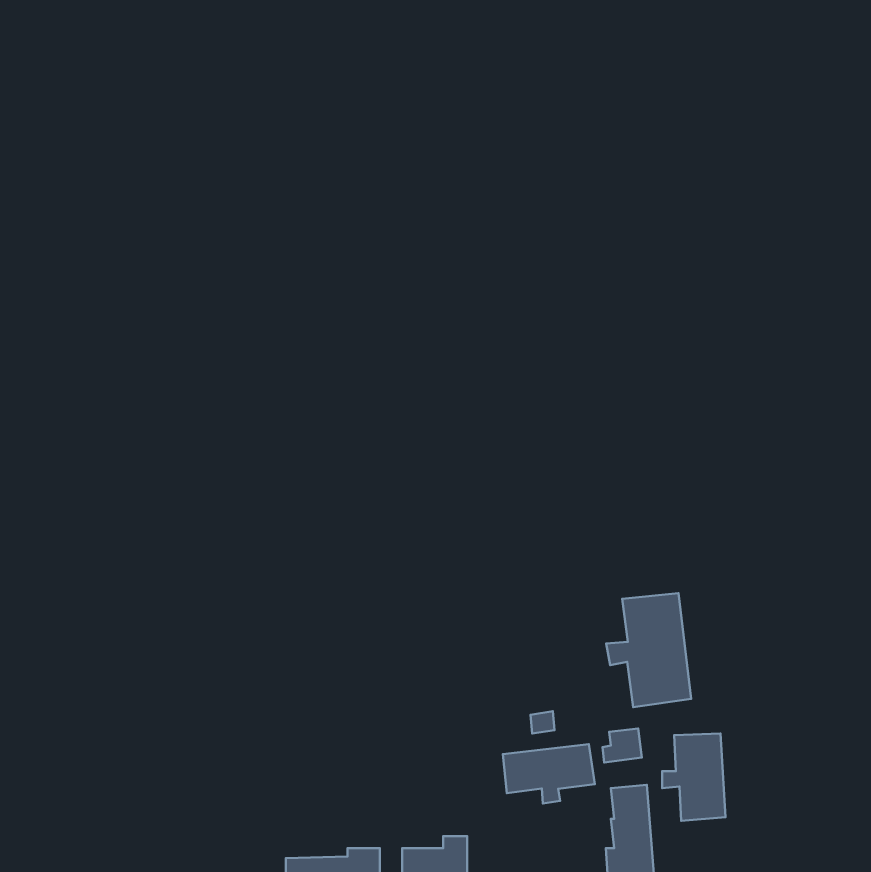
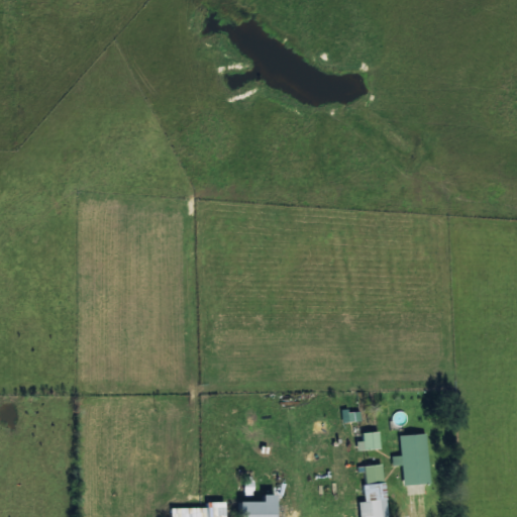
building: [606,593,691,707] -> none
building: [503,744,595,804] -> none

